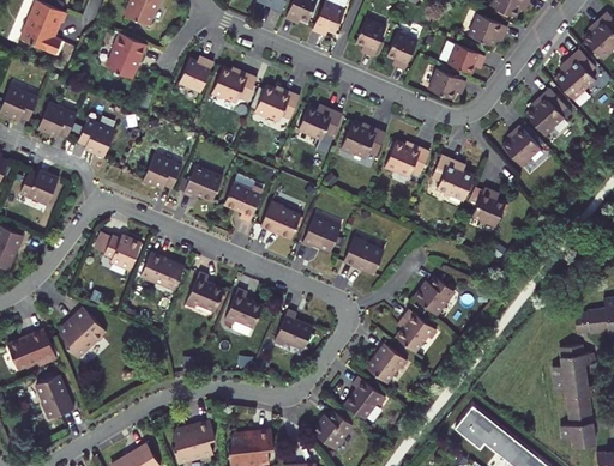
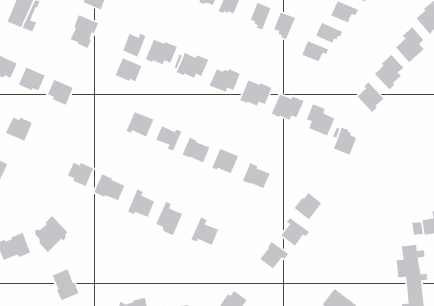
building: [144,152,182,187] -> [115,57,143,83]
building: [37,374,76,419] -> [51,268,79,301]
building: [345,375,386,417] -> none

